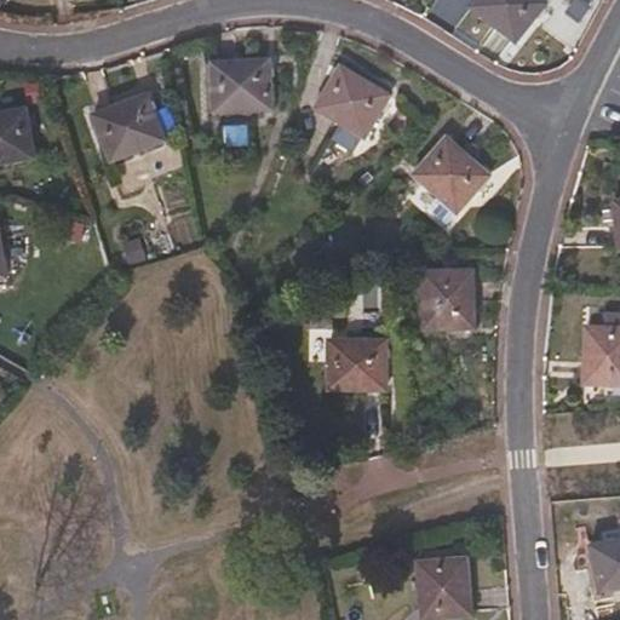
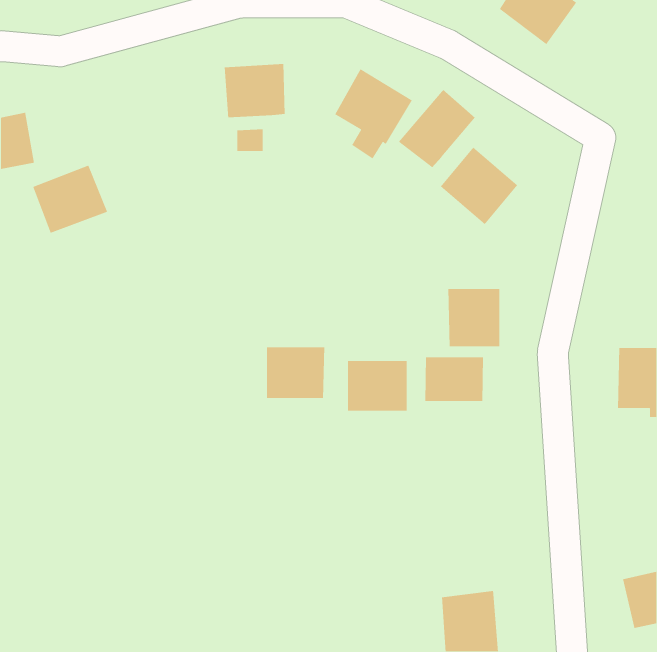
building: none -> [398,89,476,168]
building: [91,93,162,159] -> [32,165,108,234]
building: none -> [266,346,325,399]
building: none -> [425,357,484,402]

